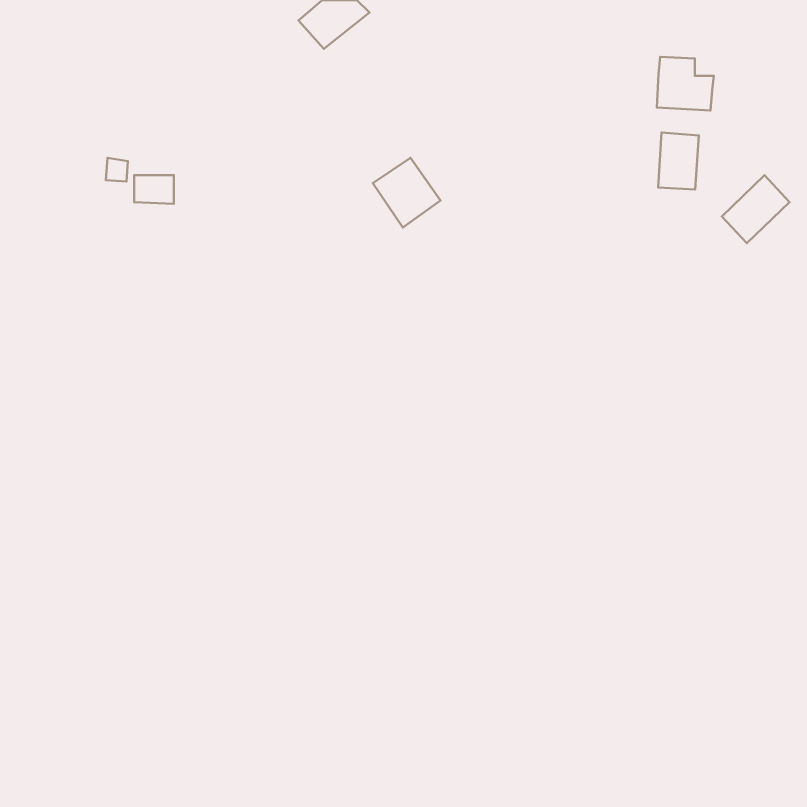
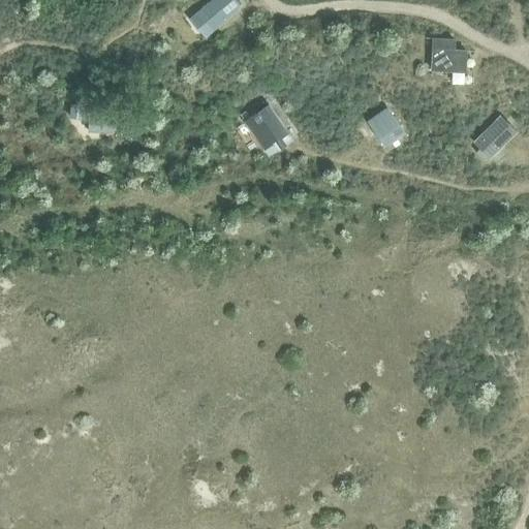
building: [658,132,699,189] -> none
building: none -> [367,107,404,147]

